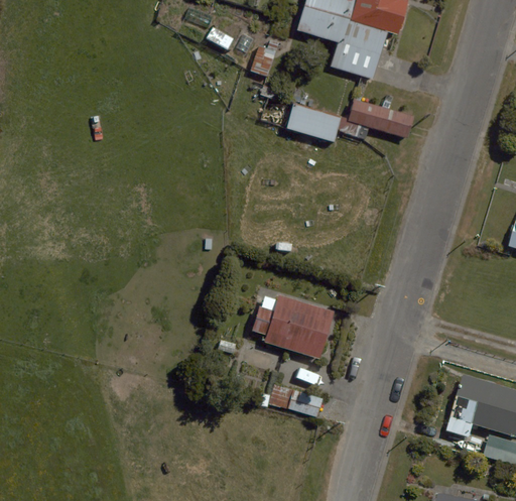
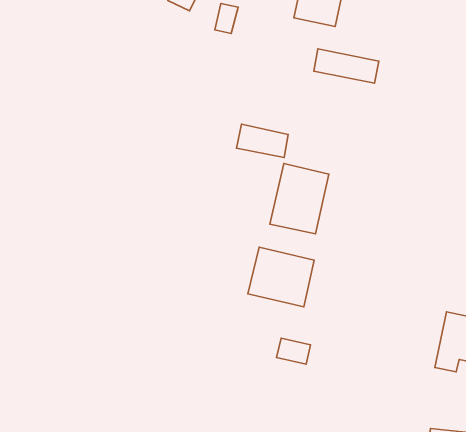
building: [287,104,341,141] -> [236,124,288,158]
building: none -> [270,164,329,234]

